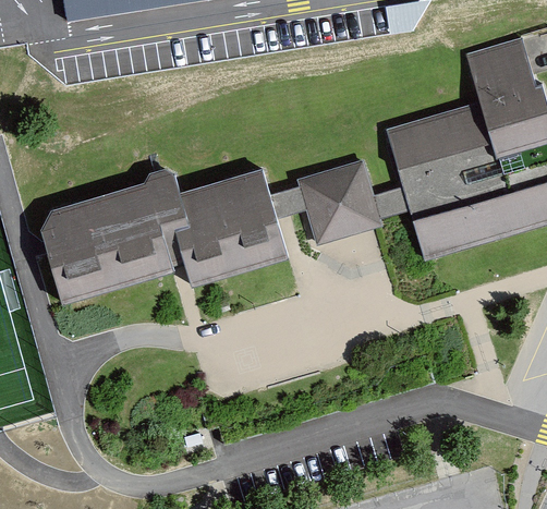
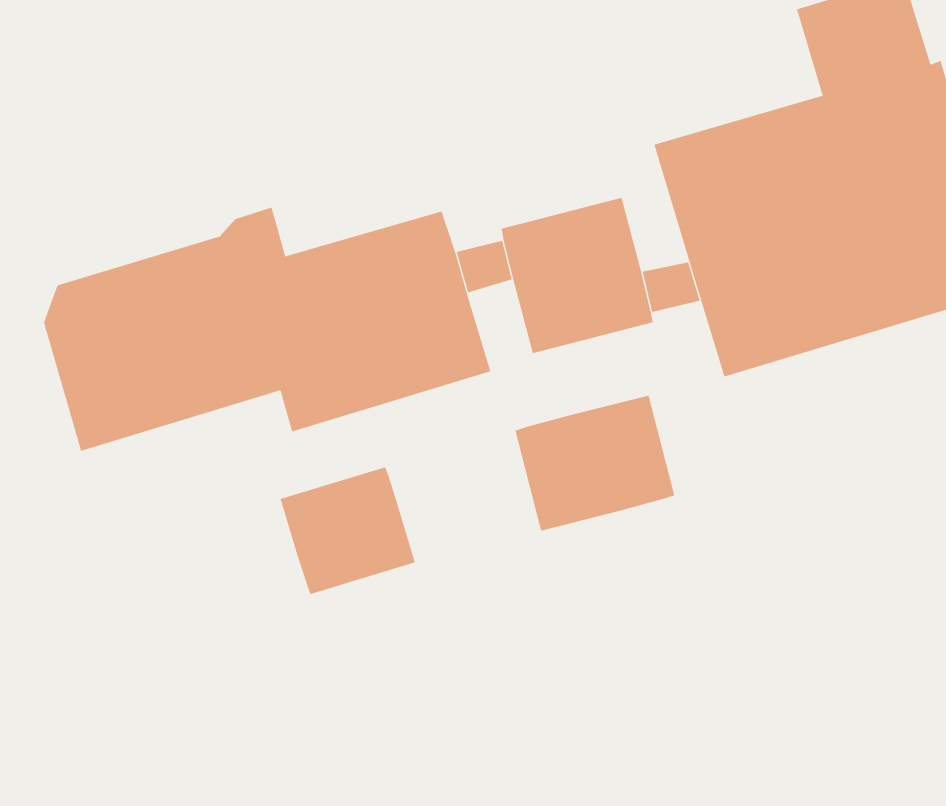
building: none -> [515,395,675,531]
building: none -> [280,466,415,595]

